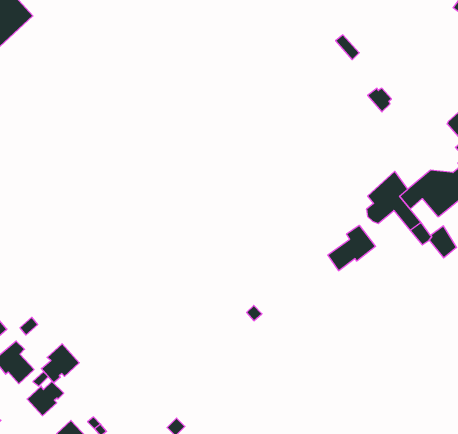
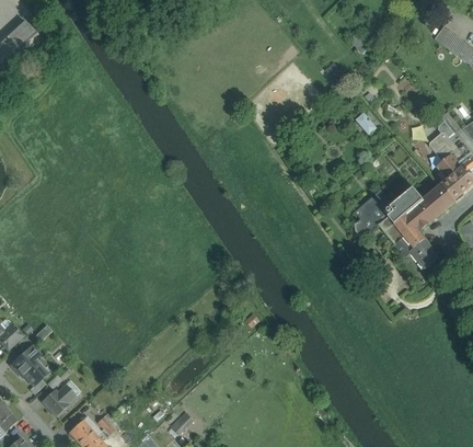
building: none -> [394,214,425,248]
building: [328,225,376,271] -> none
building: [41,344,79,383] -> none

